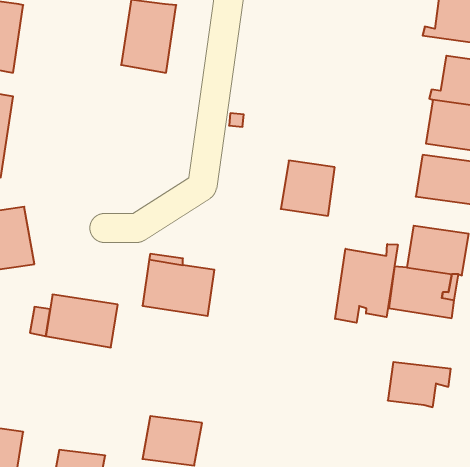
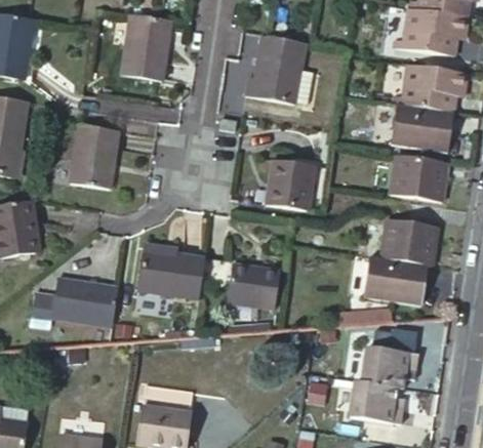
building: none -> [245,35,304,103]
building: none -> [73,126,119,189]
building: [335,244,398,323] -> none
building: none -> [227,262,278,308]
building: none -> [350,376,404,418]

